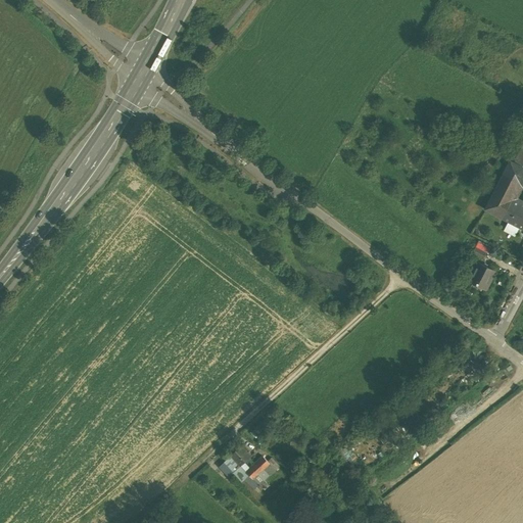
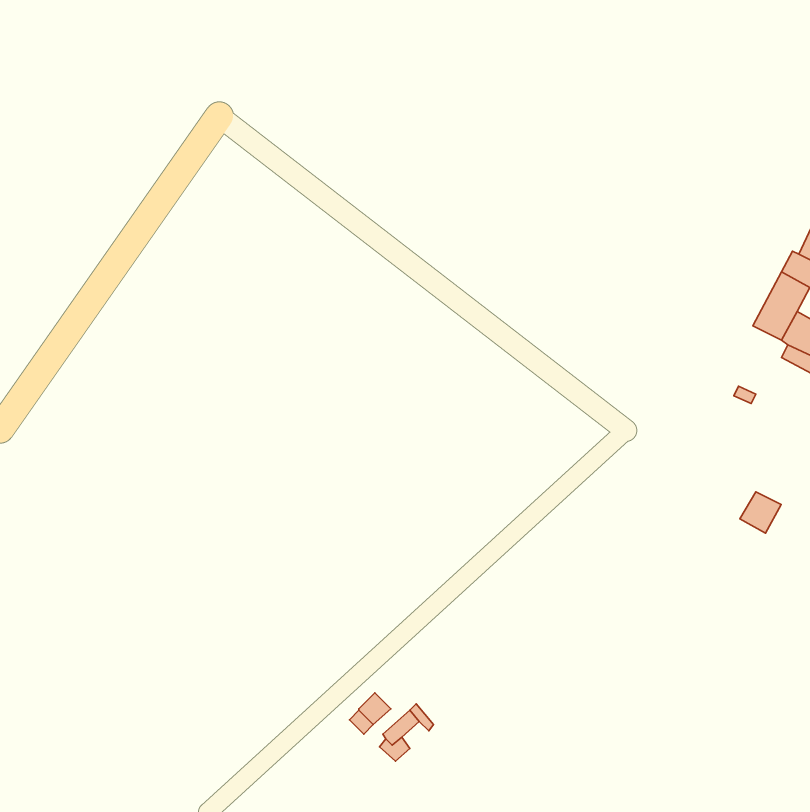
building: [470,264,496,290] -> [740,492,781,533]

